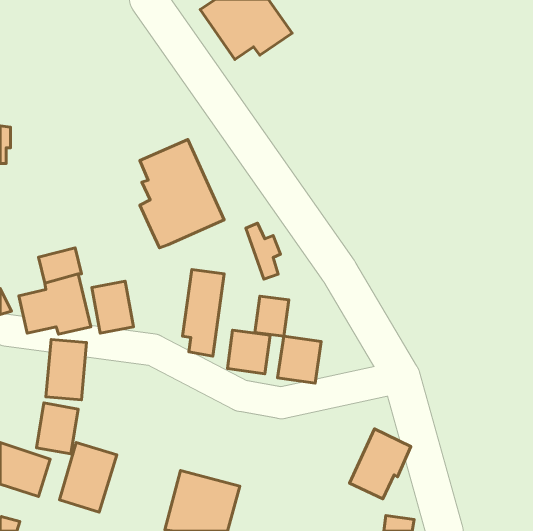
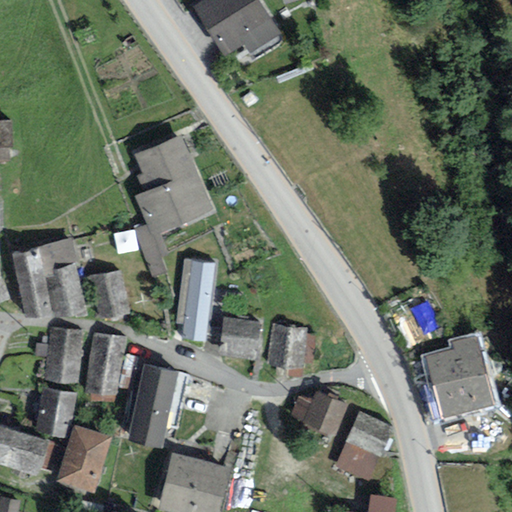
building: [246,223,280,279] -> [135,223,168,277]
building: none -> [11,247,44,284]
building: [255,296,289,336] -> none
building: none -> [83,331,126,395]
building: none -> [421,332,497,418]
building: none -> [126,364,189,448]
building: none -> [289,391,347,437]

